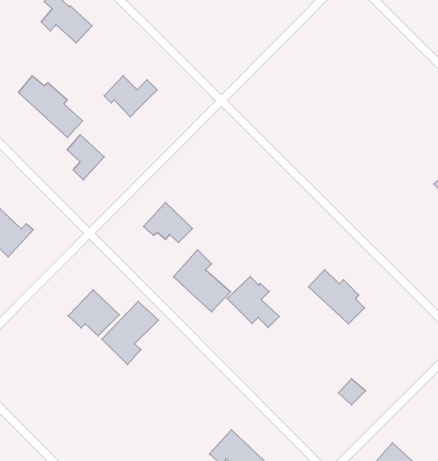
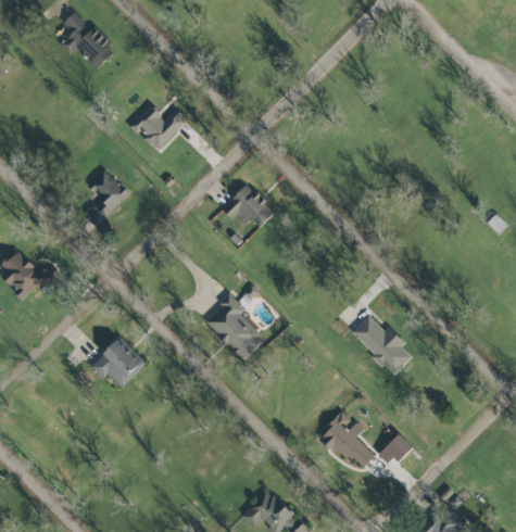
building: [18,76,82,137] -> none
building: [143,203,192,243] -> [222,182,275,226]
building: [227,277,279,328] -> [318,411,375,467]
building: [102,301,158,365] -> none

